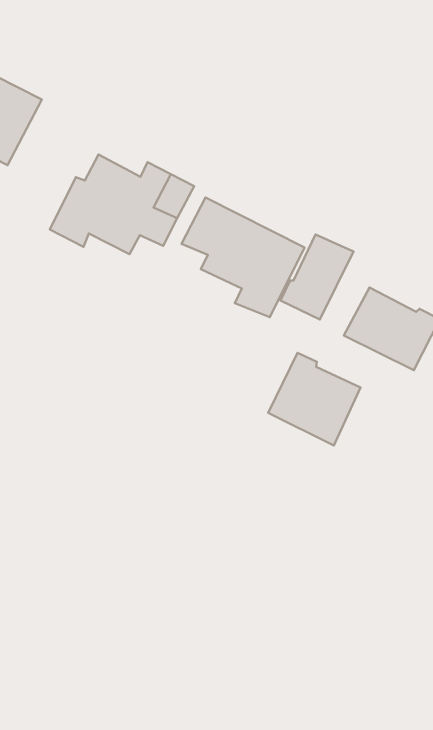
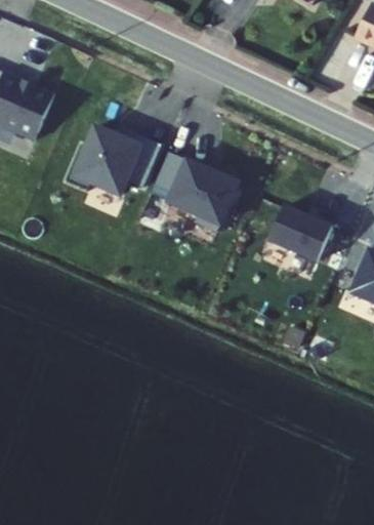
building: [281,235,353,319] -> none
building: [268,353,361,445] -> none

